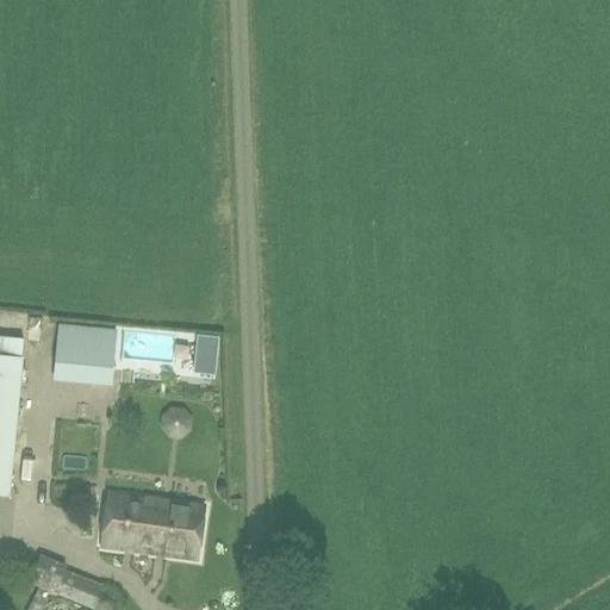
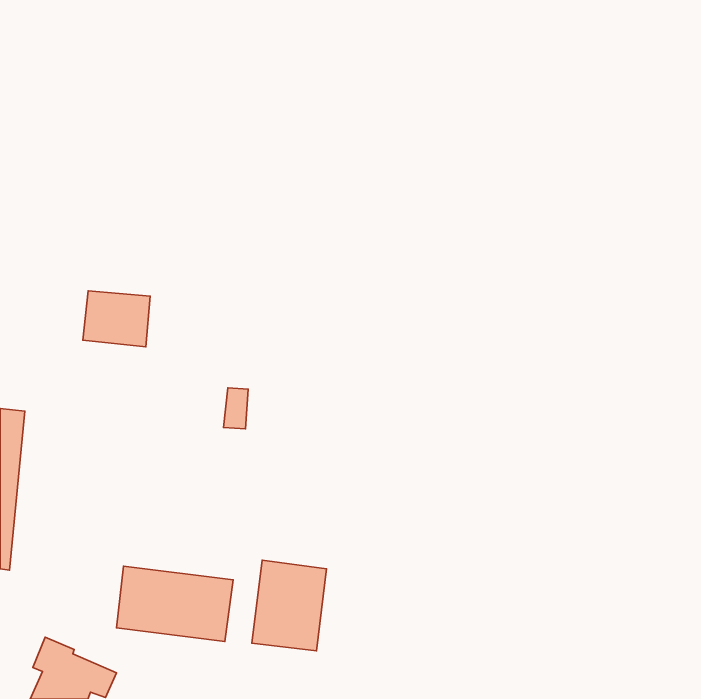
building: [55,334,113,382] -> [83,291,150,347]
building: none -> [252,560,327,651]

